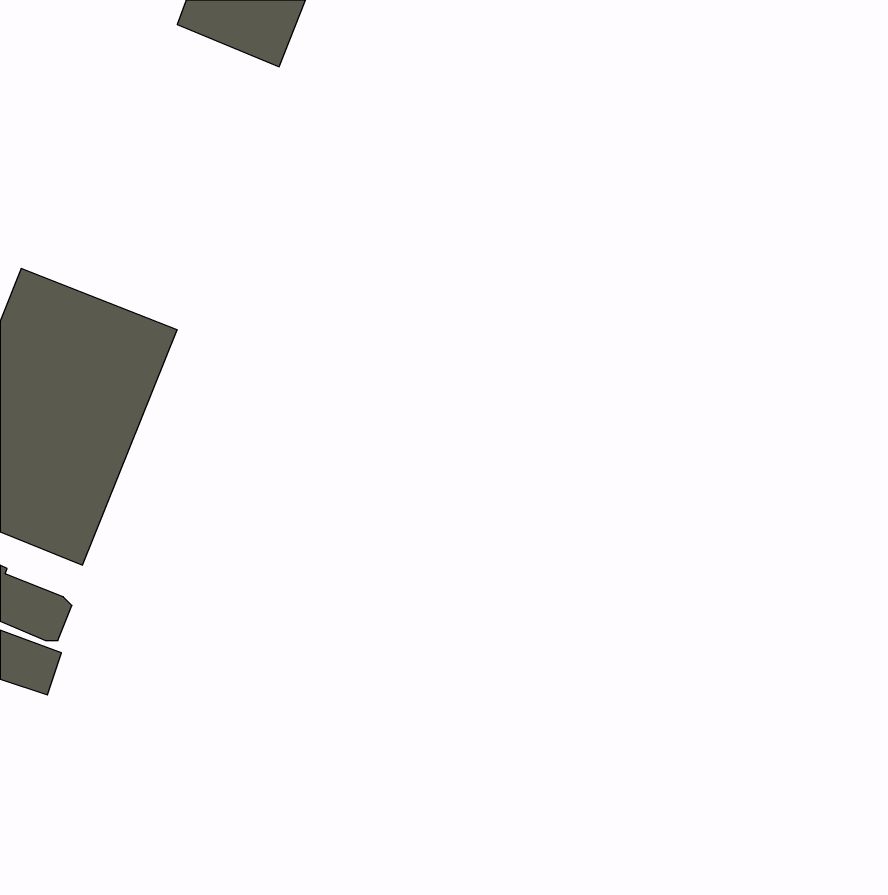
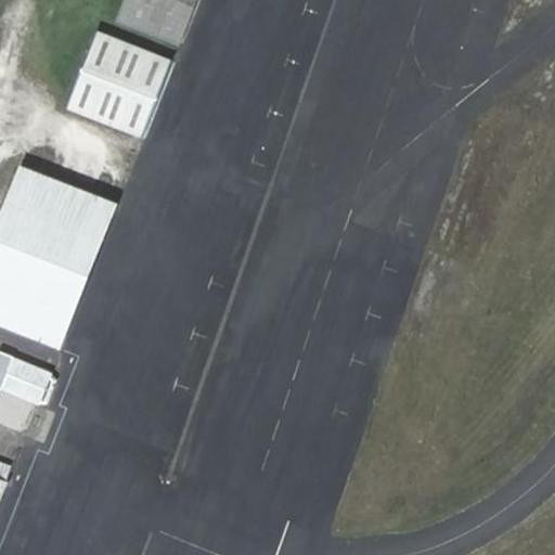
building: none -> [63,27,172,139]

